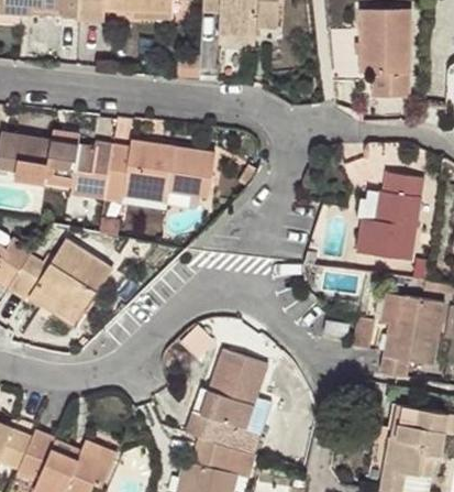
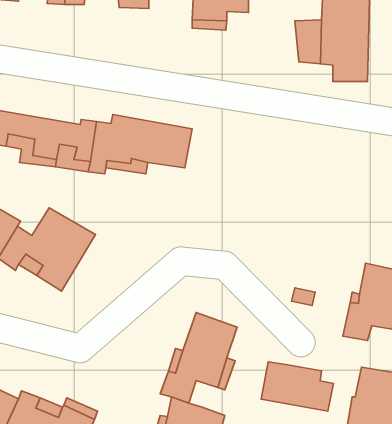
building: [358,171,422,261] -> none
building: none -> [261,362,333,411]

